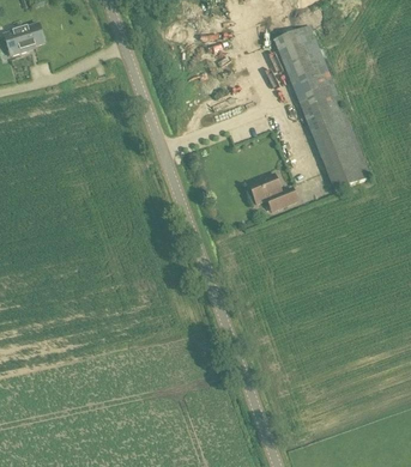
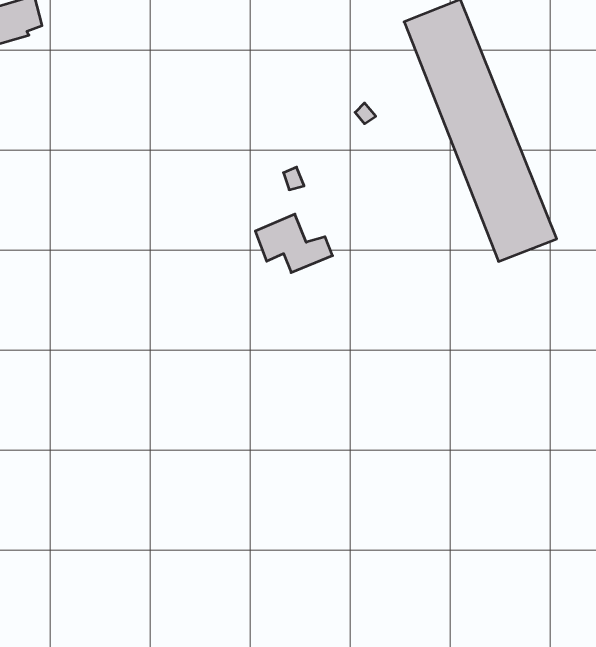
building: [248,171,297,208] -> [255,214,333,273]

